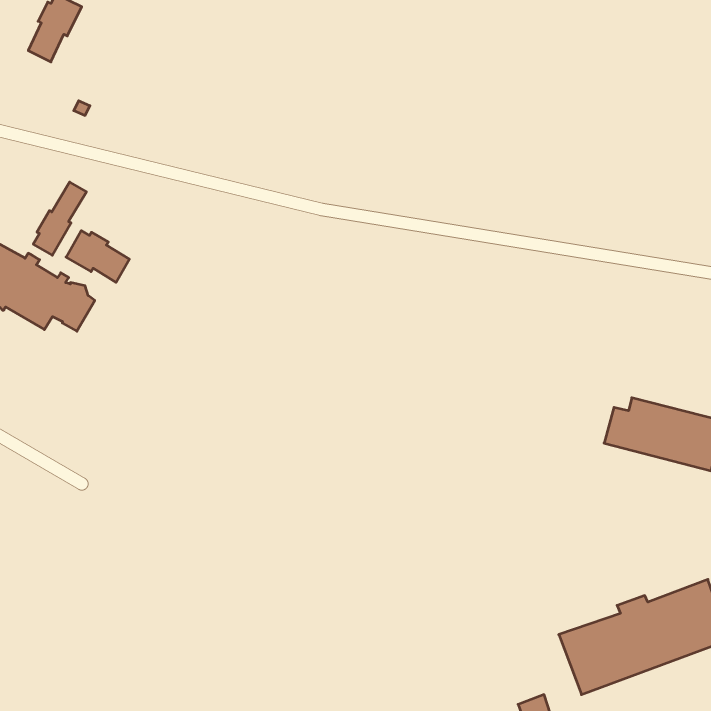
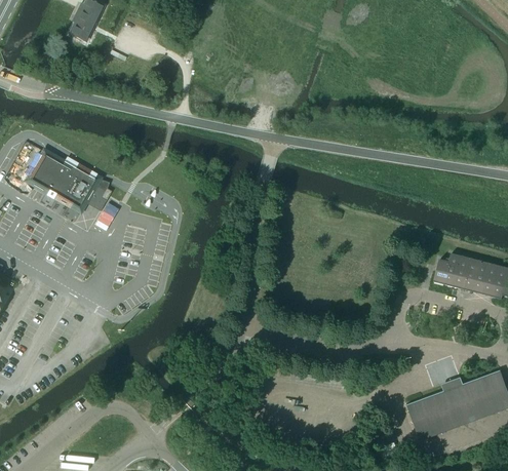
building: [33,182,86,255] -> none
building: [66,231,129,282] -> none

